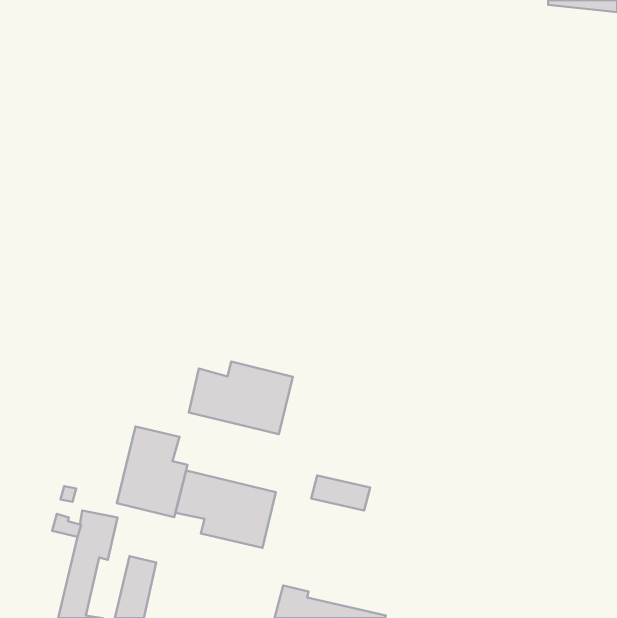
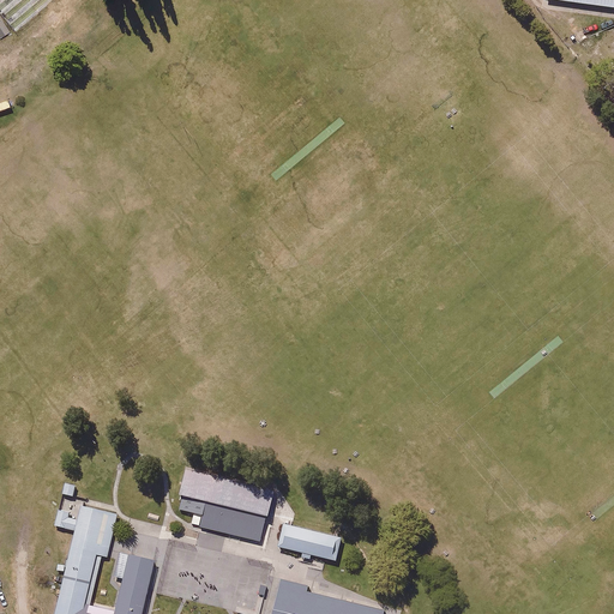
building: [189,361,293,434] -> none
building: [117,427,188,517] -> none
building: [311,475,370,510] -> [279,525,338,560]

